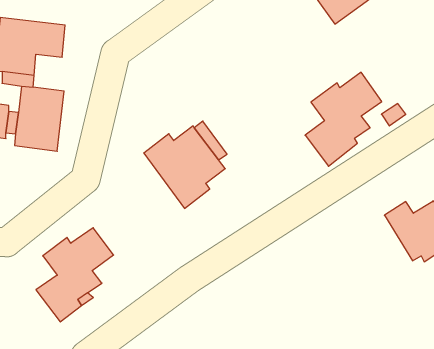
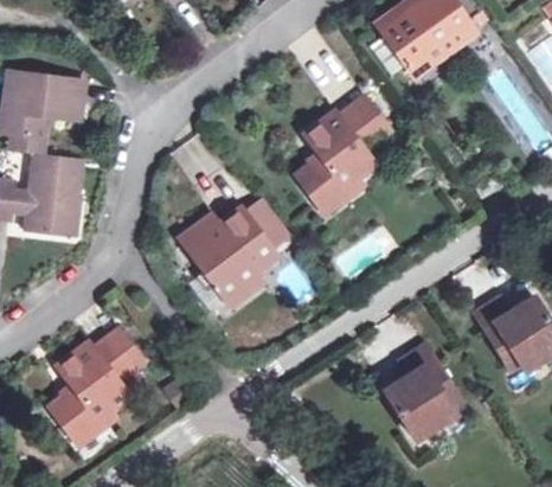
building: [305,72,382,166] -> [296,96,390,211]
building: none -> [384,341,461,437]

